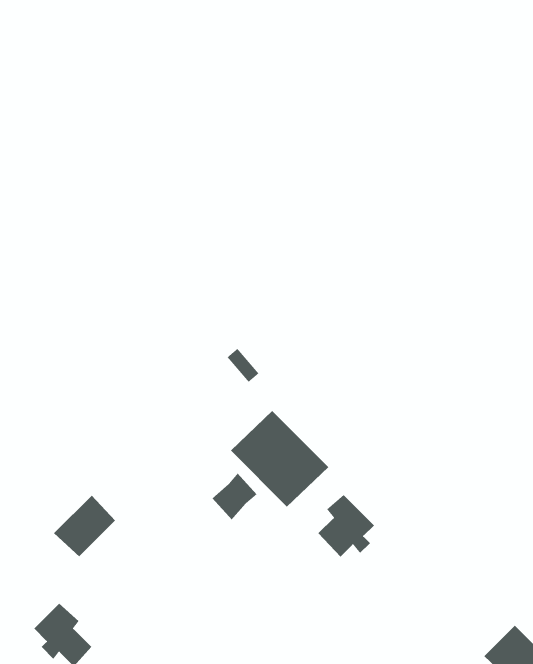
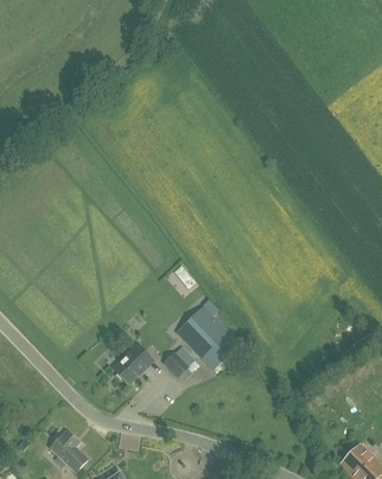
building: [318,494,375,558] -> none
building: [53,495,116,557] -> [112,342,152,383]

